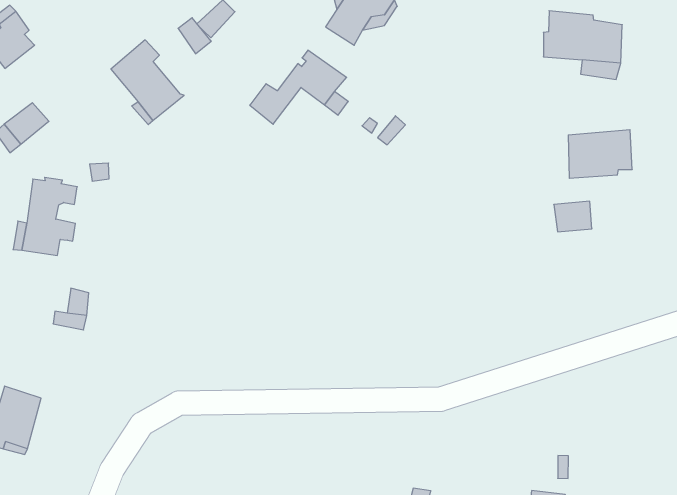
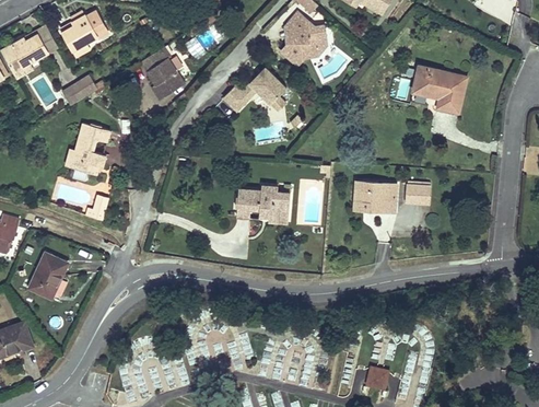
building: [568,130,632,178] -> [354,183,397,212]
building: none -> [237,185,291,218]

